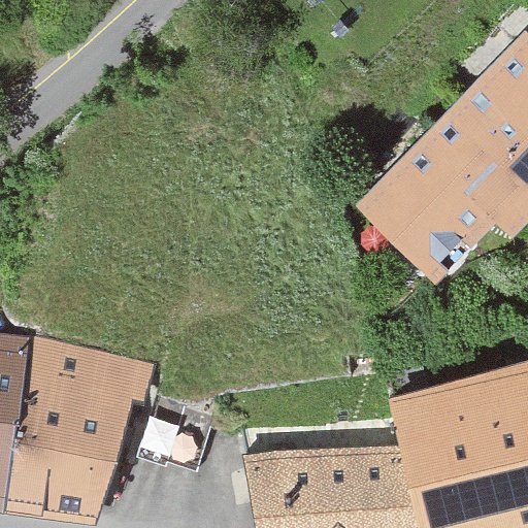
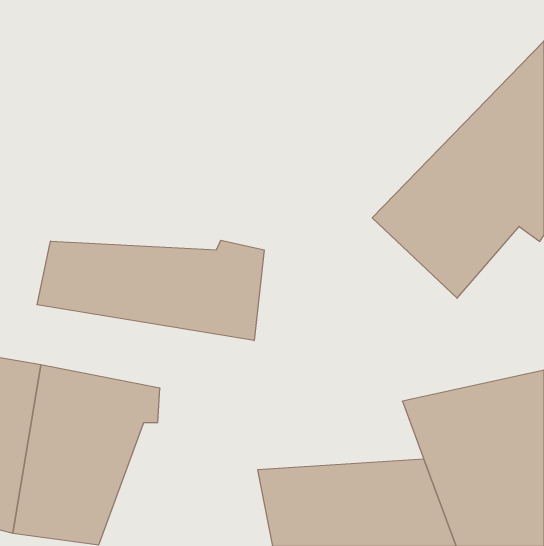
building: none -> [37,240,264,341]

